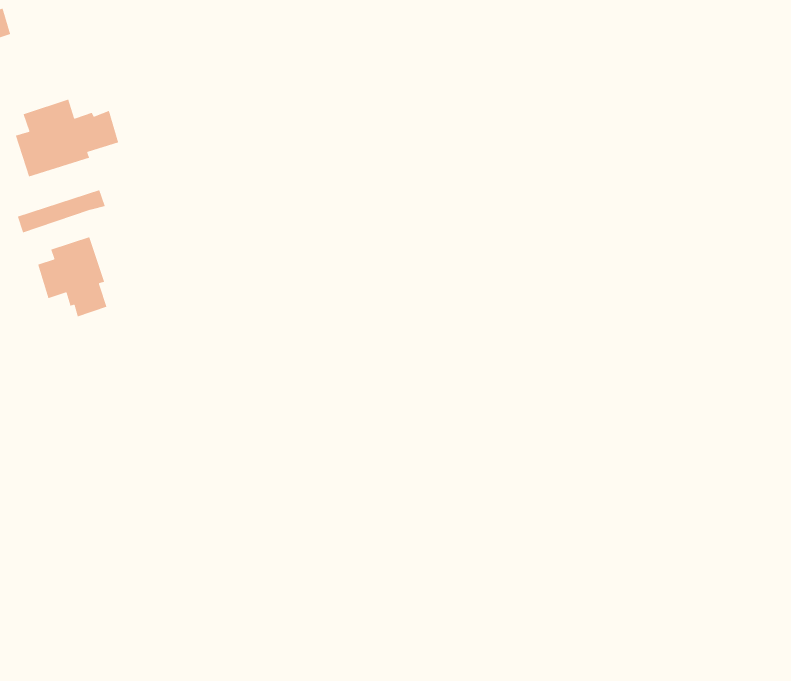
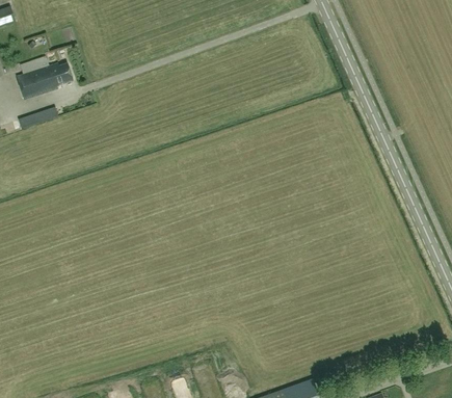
building: [37,236,108,318] -> none

